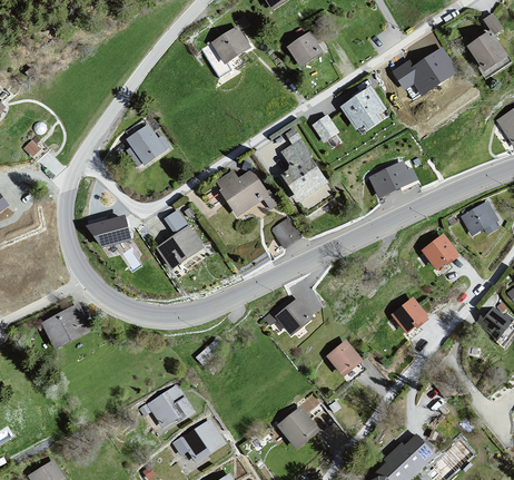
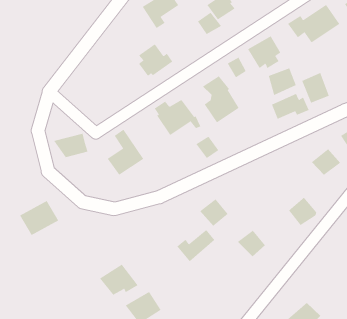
building: none -> [197,12,222,35]
building: [125,123,170,166] -> [138,44,173,77]
building: none -> [268,68,297,96]
building: none -> [302,72,329,104]
building: none -> [177,229,215,262]
building: [277,408,319,449] -> none

